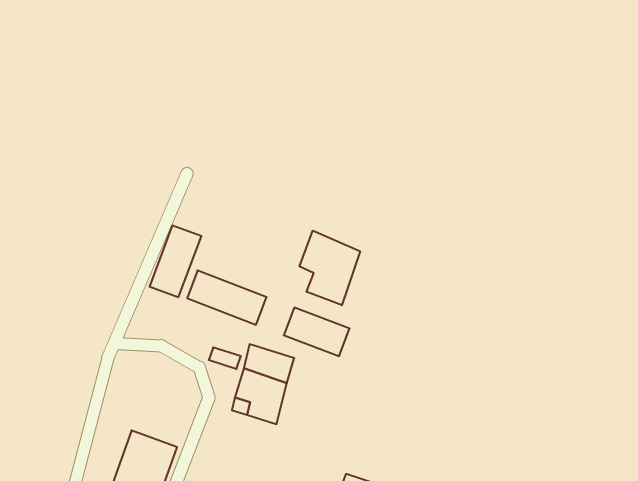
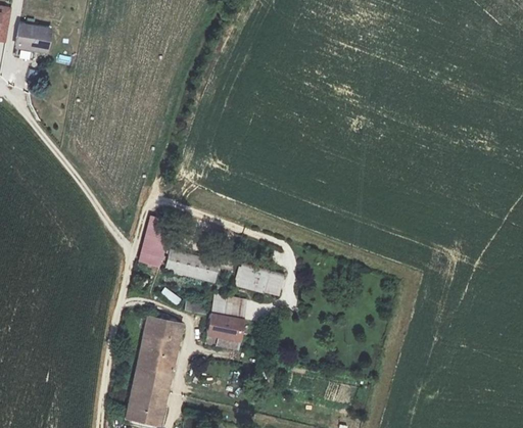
building: [299,231,360,305] -> none
building: none -> [137,316,183,374]

